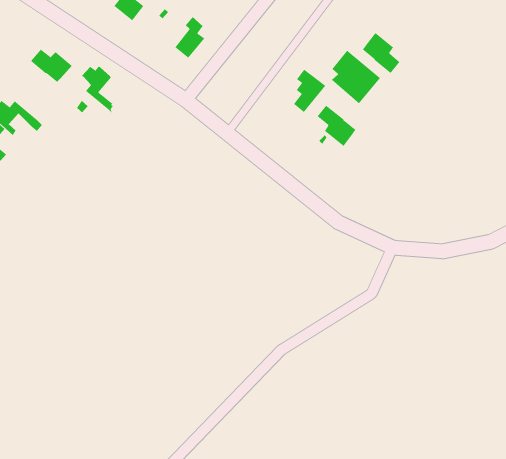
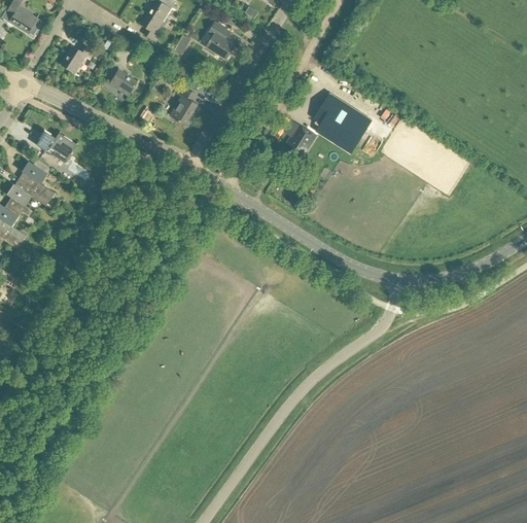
building: [362,32,400,74] -> none
building: [81,66,114,115] -> [20,159,54,203]
building: [317,105,356,147] -> none

